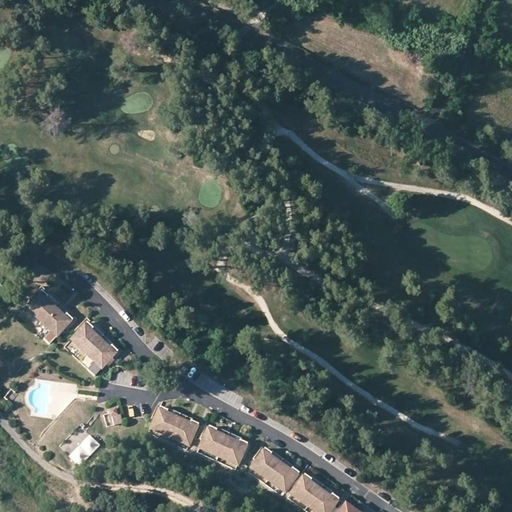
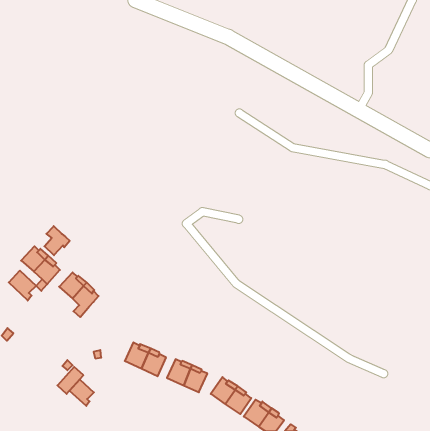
building: none -> [44,226,70,255]
building: none -> [9,271,36,301]
building: none -> [70,380,94,406]

